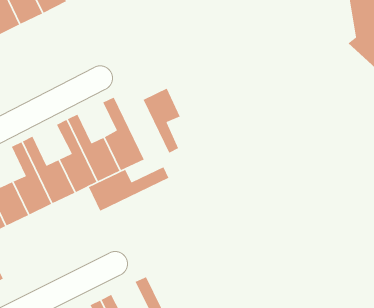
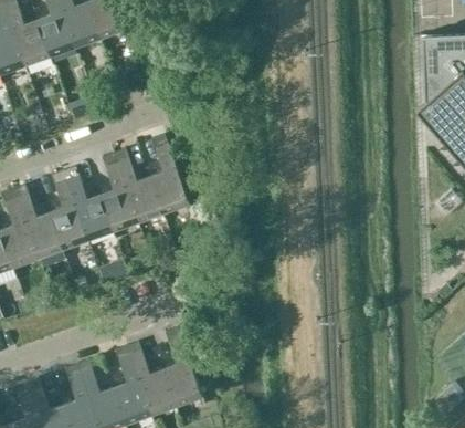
building: [142,88,181,154] -> none
building: [88,166,170,212] -> none

